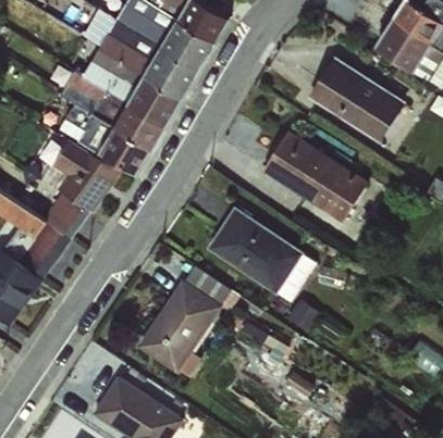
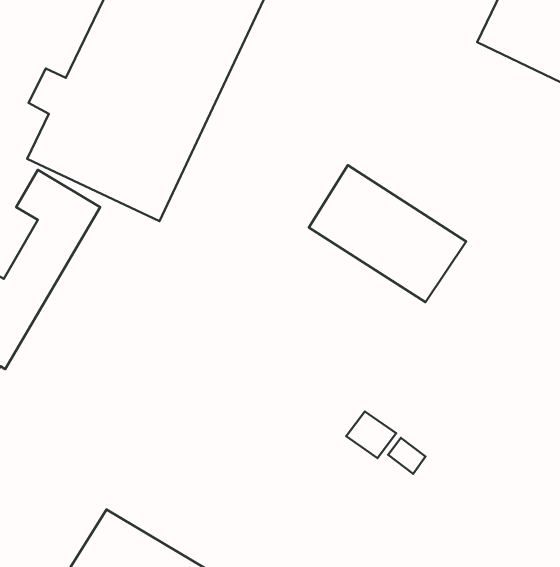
building: [307,61,410,149] -> none
building: [207,212,317,308] -> none
building: [138,260,232,375] -> none

